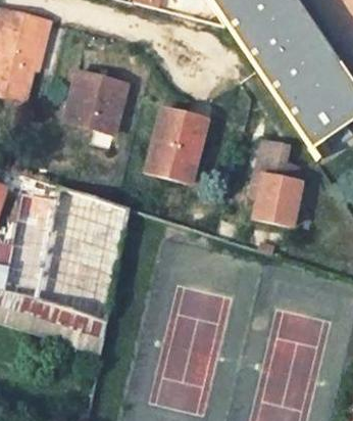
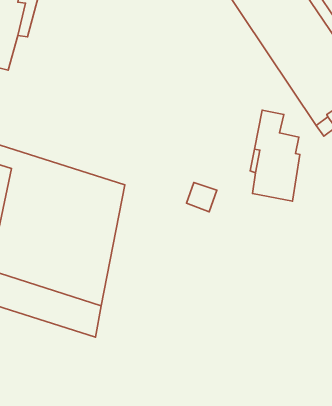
building: [62,72,127,134] -> none
building: [145,109,206,182] -> none

